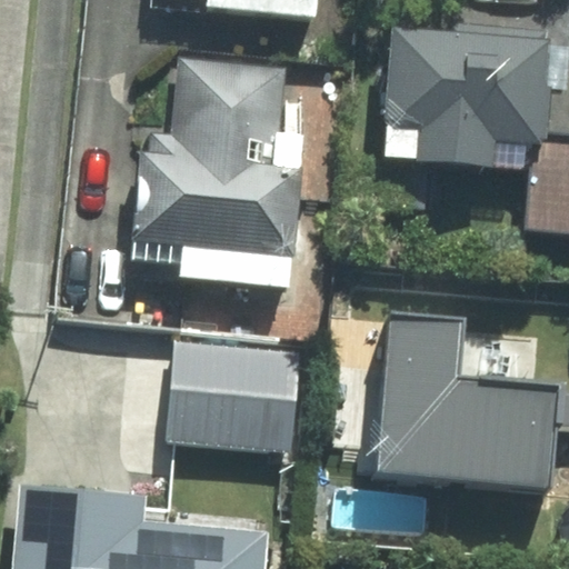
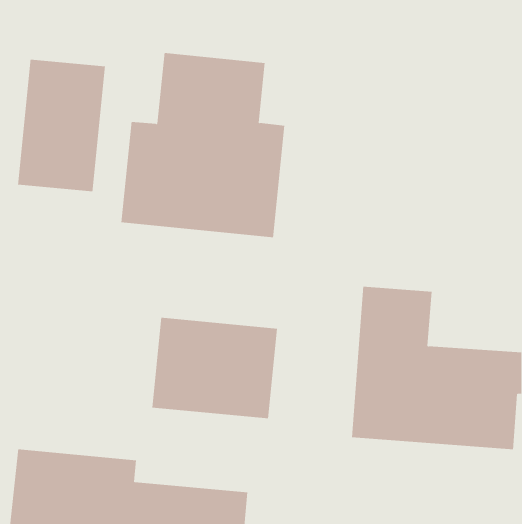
building: [376,28,551,213] -> none
building: none -> [18,59,106,192]

